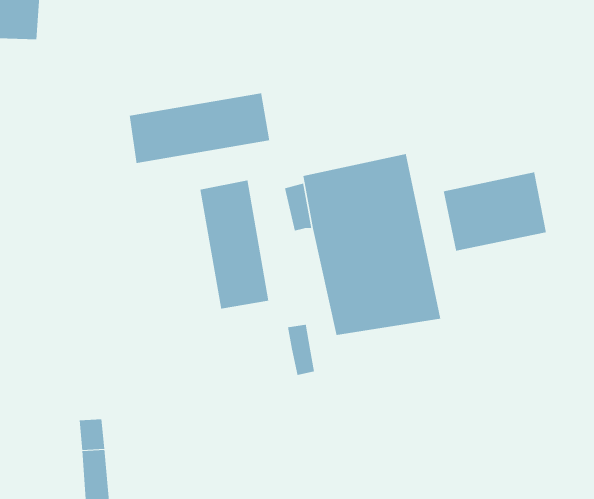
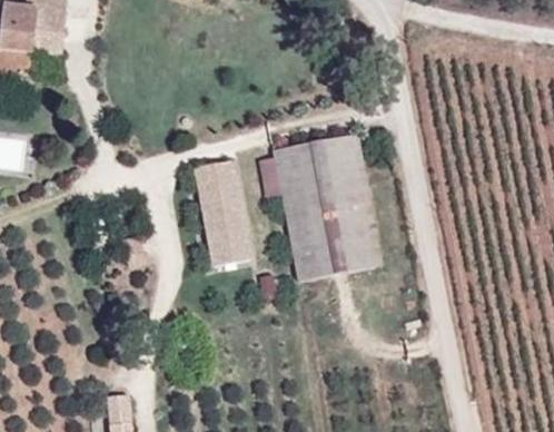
building: [129,93,270,164] -> none
building: [443,171,546,252] -> none

